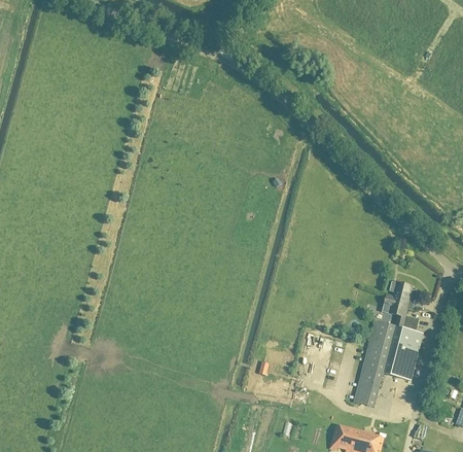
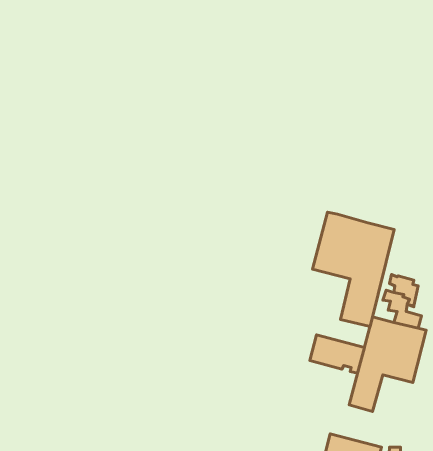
building: none -> [312,212,394,327]
building: none -> [310,335,364,373]

